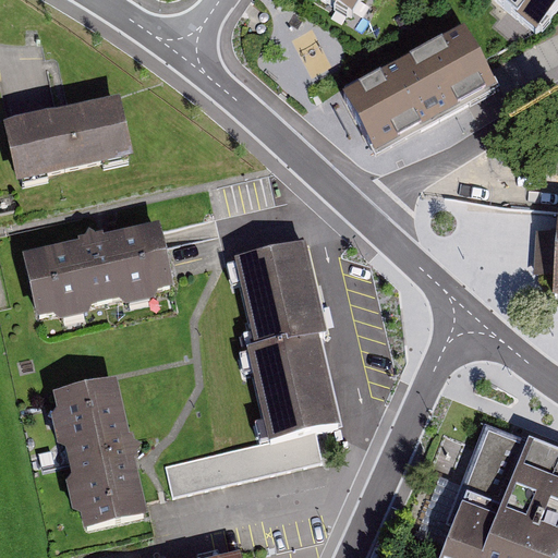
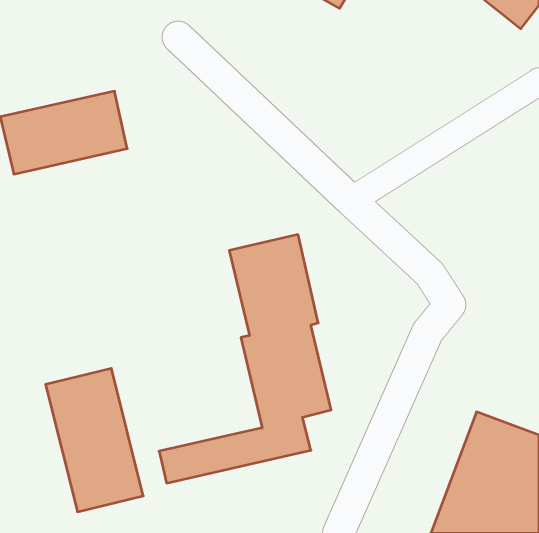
building: [347,37,488,150] -> none
building: [23,222,174,318] -> none

